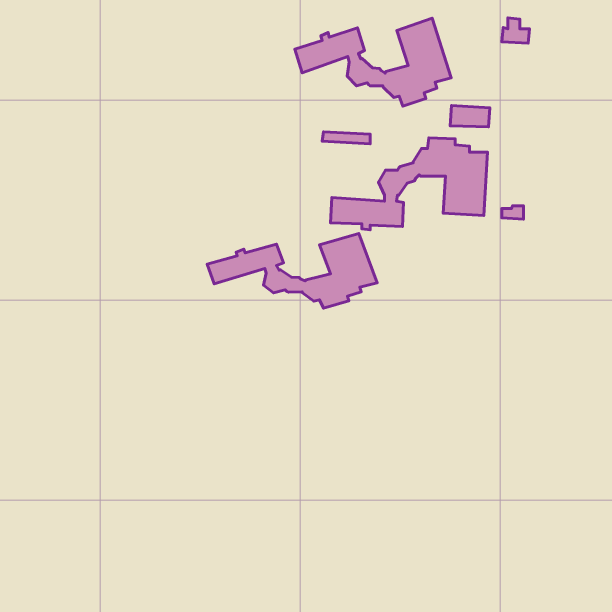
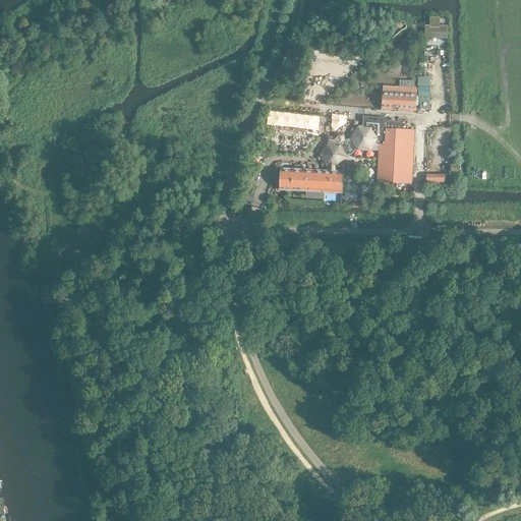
building: [295,18,451,106] -> none
building: [207,233,377,308] -> none

